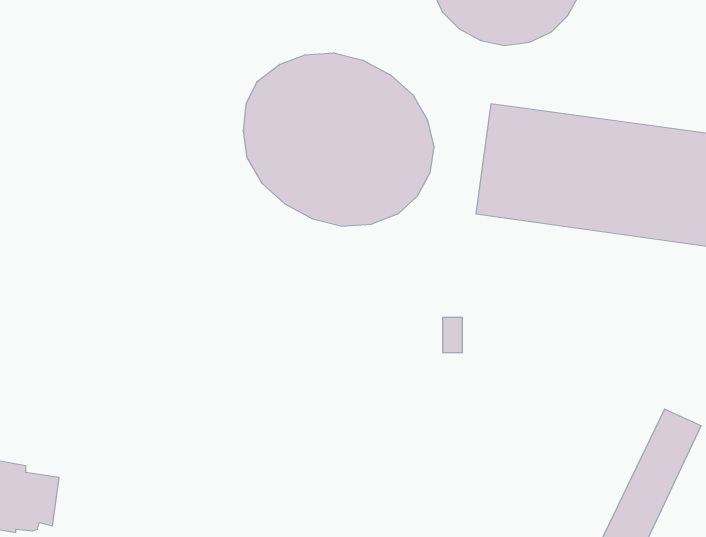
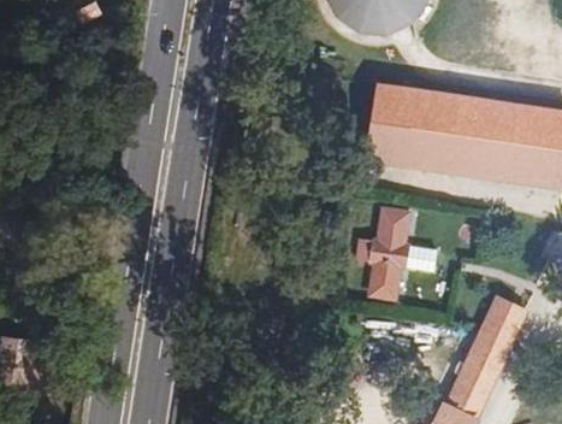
building: [244,53,434,226] -> none
building: none -> [368,211,410,299]

